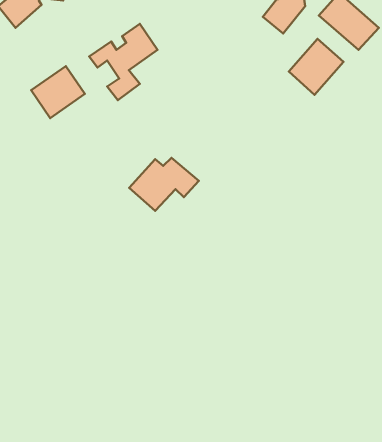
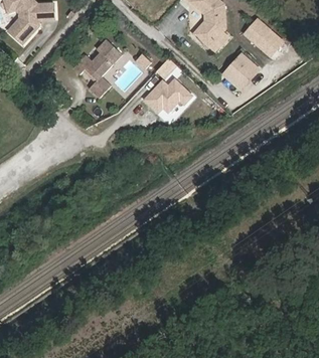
building: [31,66,85,118] -> none
building: [129,158,199,211] -> [142,78,193,118]

